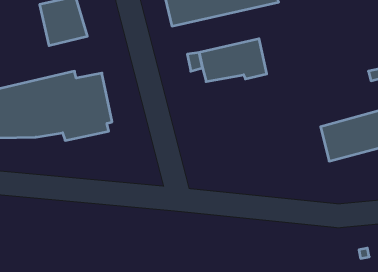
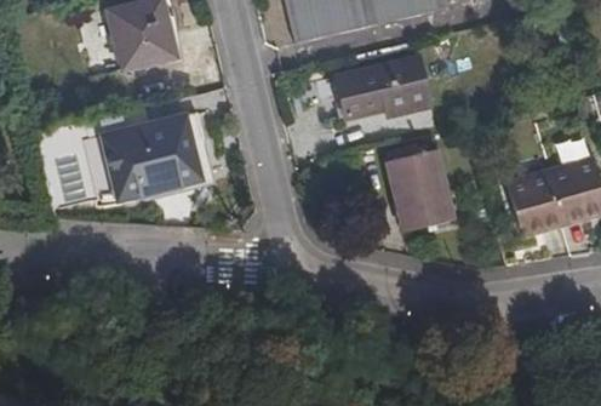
building: none -> [384,151,460,235]

